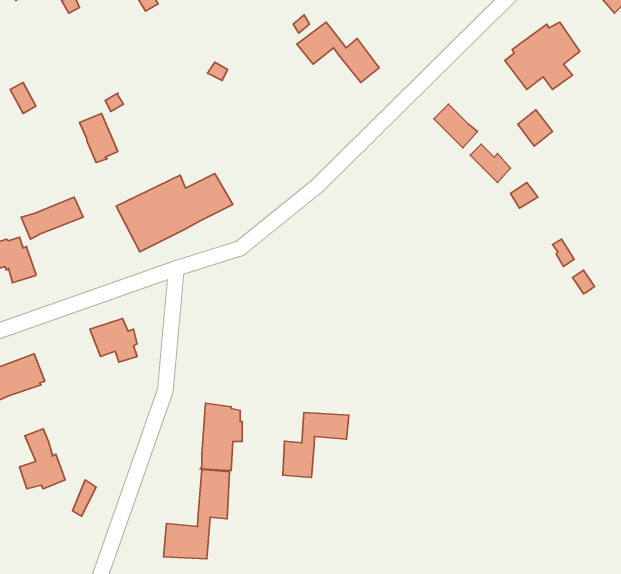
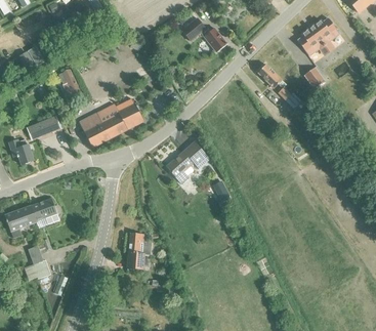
building: none -> [166,140,209,183]
building: [90,318,137,362] -> [33,198,59,222]
building: [283,413,349,478] -> none
building: [163,469,230,559] -> none

